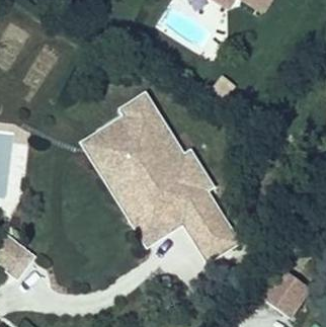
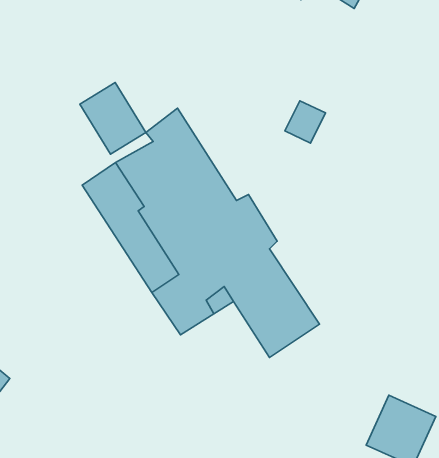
building: none -> [80,83,146,154]

